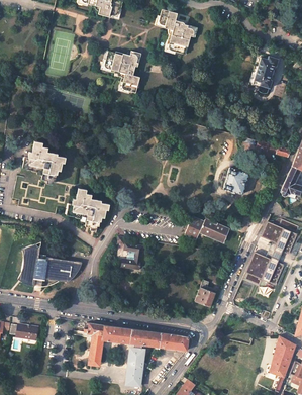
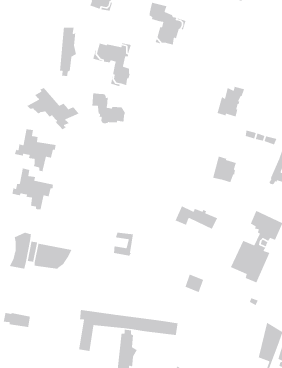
building: none -> [59,27,77,77]
building: [249,56,279,88] -> [216,86,245,118]
building: none -> [26,87,80,130]
building: none -> [91,93,126,124]
building: [66,186,109,229] -> [11,167,54,210]

